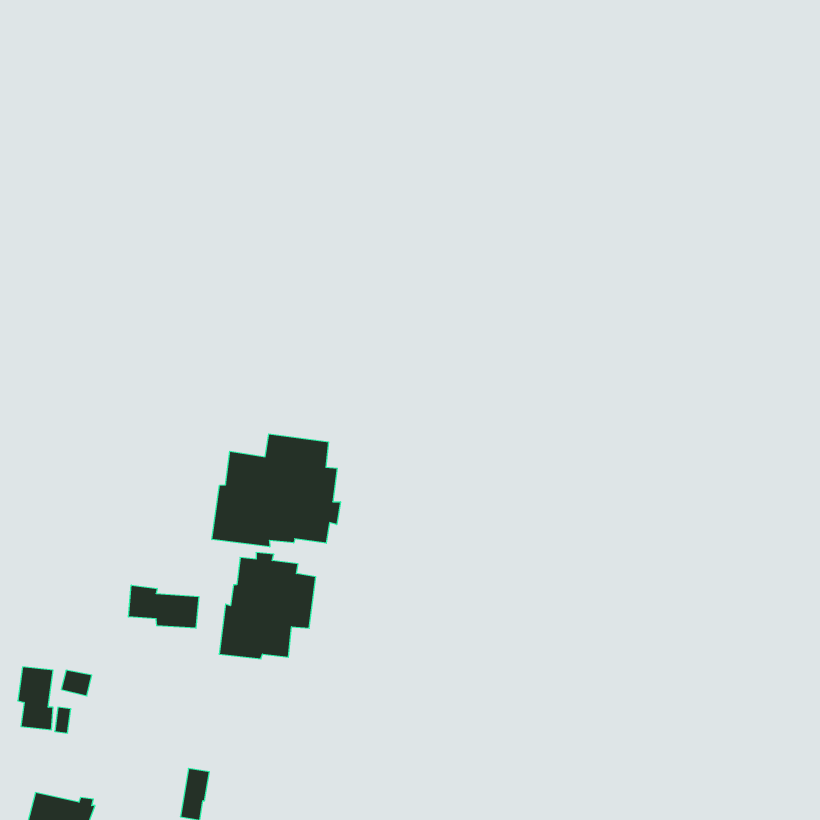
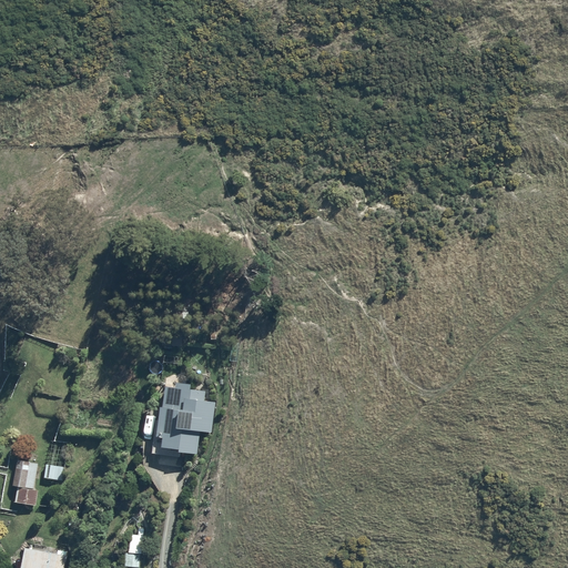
building: [212,434,340,547] -> none
building: [128,585,199,628] -> none

